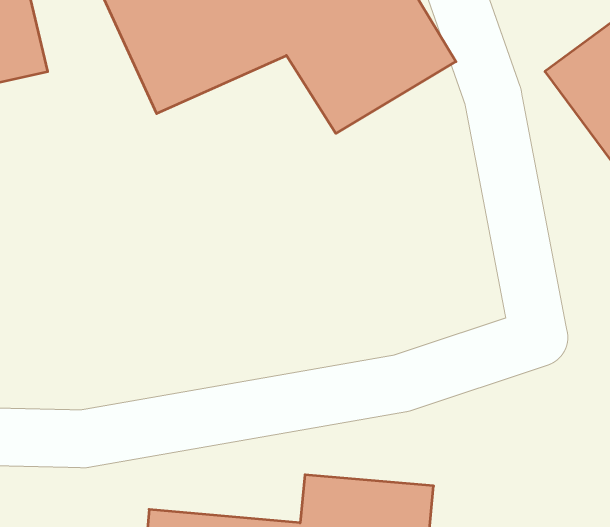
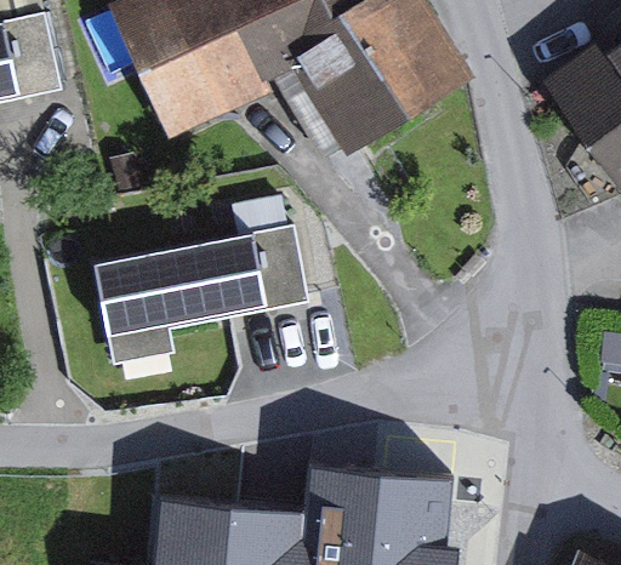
building: none -> [87,221,312,366]

